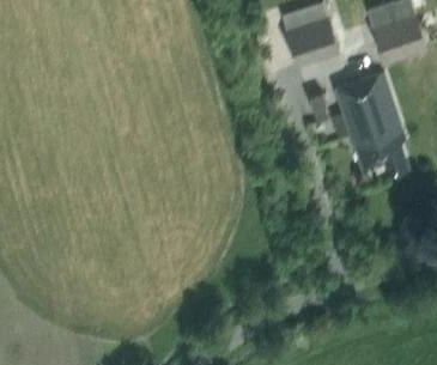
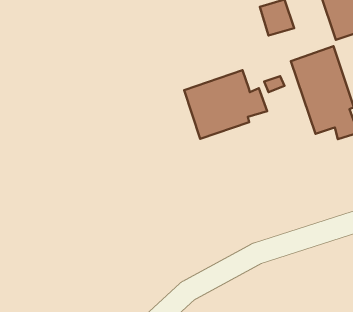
building: none -> [184,70,267,139]

